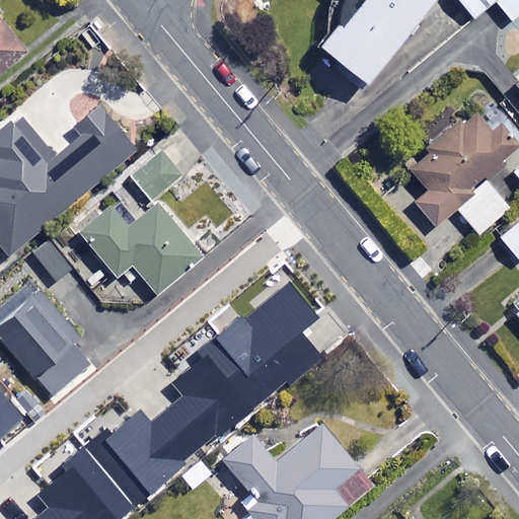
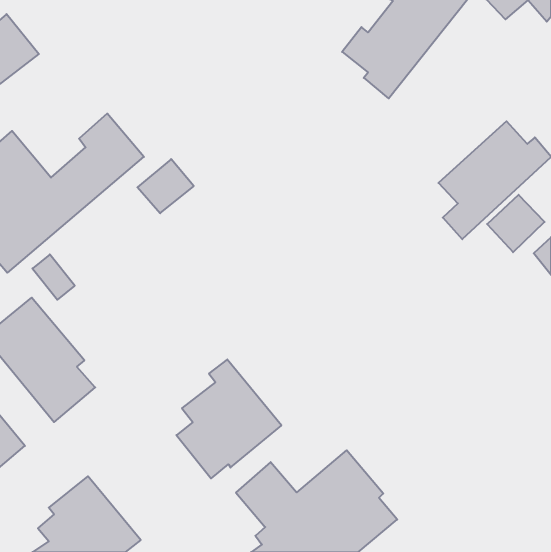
building: [77,201,202,294] -> none
building: [213,281,322,398] -> none
building: [82,407,198,506] -> none

